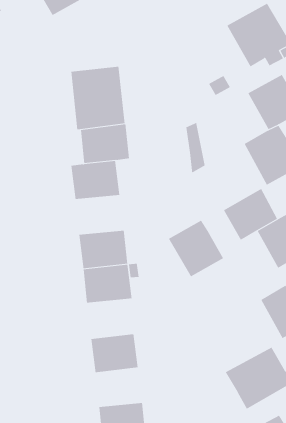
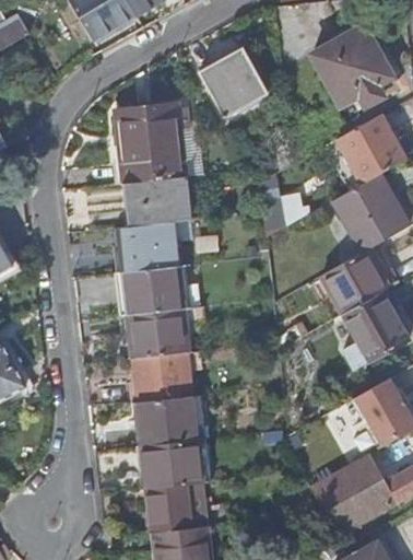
building: none -> [198,46,267,115]
building: none -> [121,265,184,314]
building: [168,220,224,277] -> none
building: none -> [135,395,194,445]
building: none -> [146,481,206,530]

